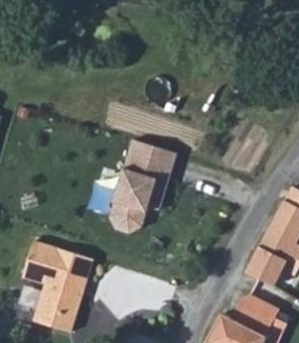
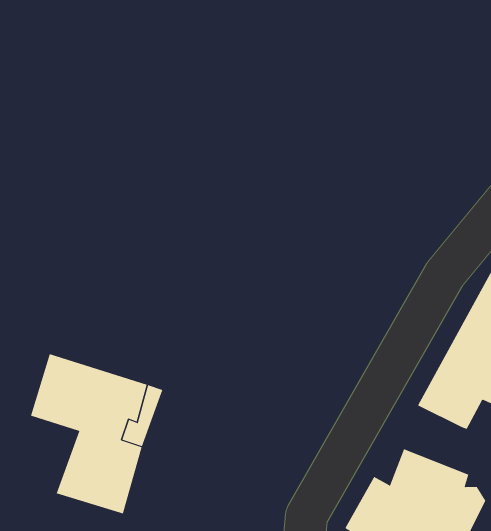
building: [106,144,173,237] -> none

